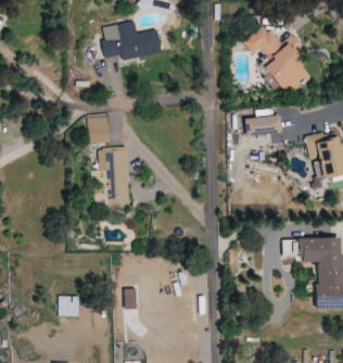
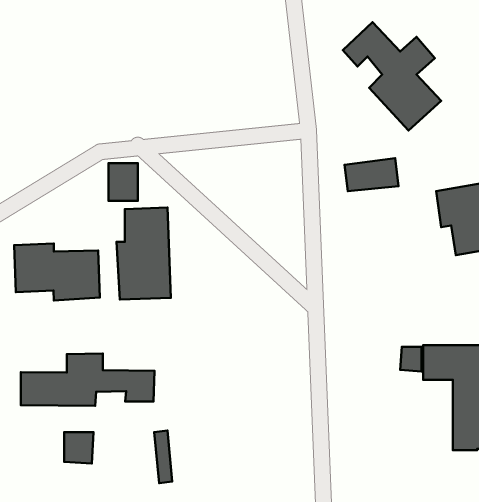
building: [102,21,163,59] -> none
building: none -> [14,243,100,300]
building: none -> [21,354,155,406]

